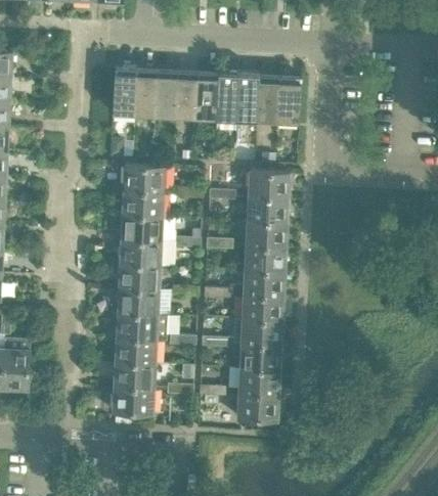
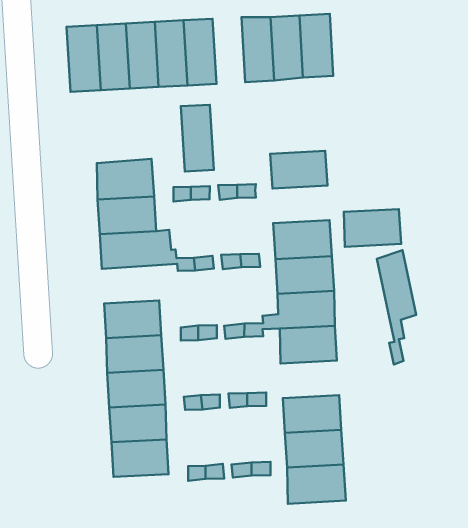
building: [216,73,238,120] -> [181,105,214,171]
building: [246,196,287,223] -> [344,209,401,247]
building: [121,240,175,267] -> none
building: none -> [377,250,416,364]
building: [239,320,280,347] -> none
building: [113,388,154,415] -> none

